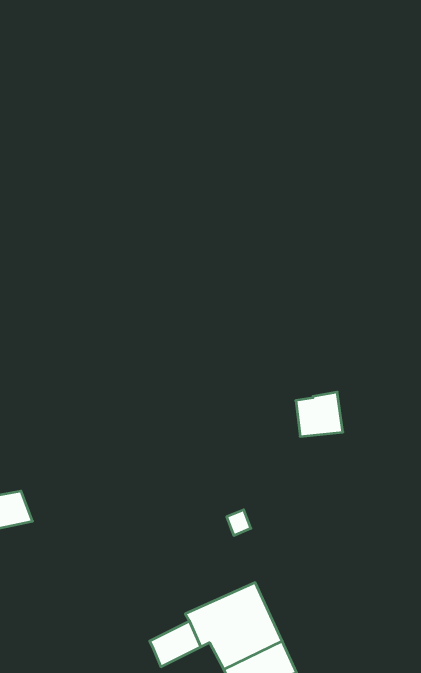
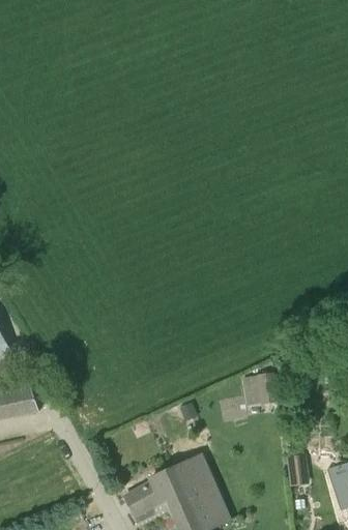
building: [296,392,343,436] -> [243,373,278,405]
building: none -> [287,455,309,488]

